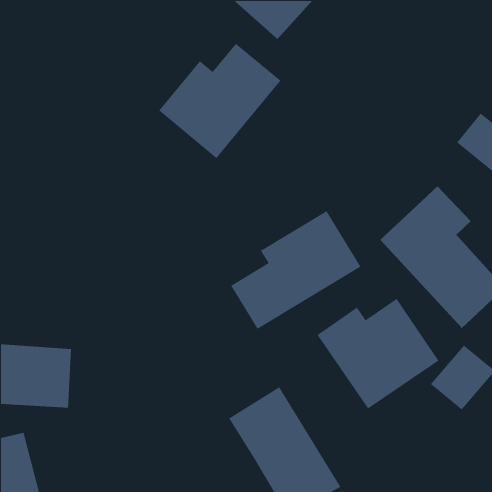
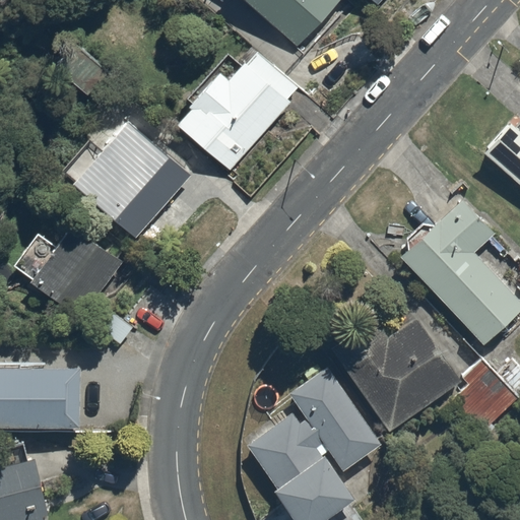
building: none -> [72,116,198,242]
building: none -> [11,218,125,315]
building: [230,210,362,330] -> none
building: none -> [286,365,378,471]

